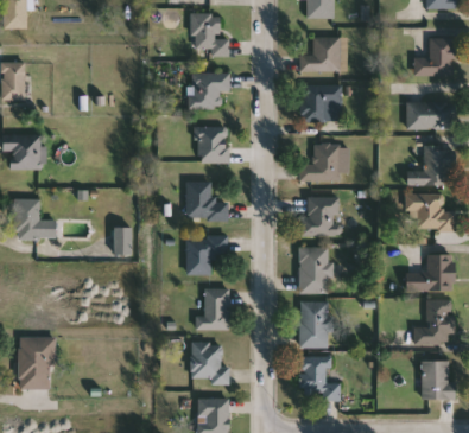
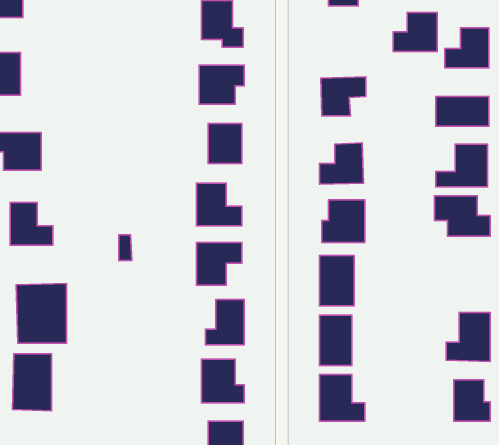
building: [299,36,340,71] -> [393,13,437,51]
building: [405,254,454,289] -> none
building: none -> [16,284,67,343]

